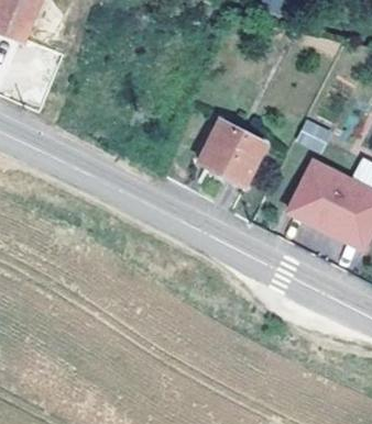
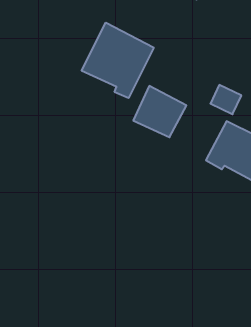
building: none -> [82,23,154,98]

